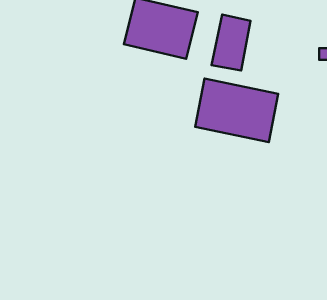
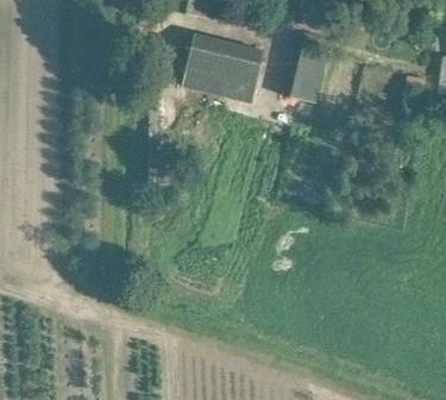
building: [195,78,278,142] -> none

